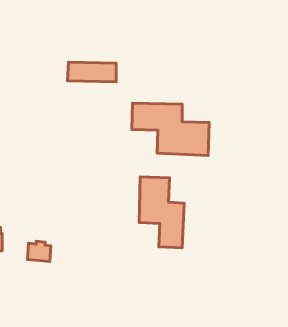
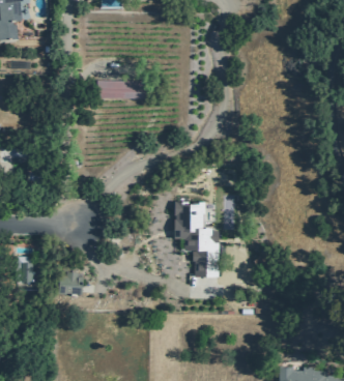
building: [132,103,209,156] -> none

